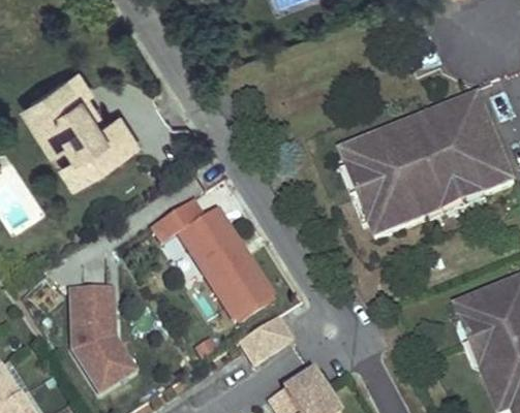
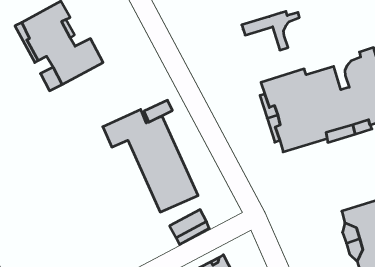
building: [393,101,465,151] -> [242,11,299,50]
building: [70,284,119,383] -> none

